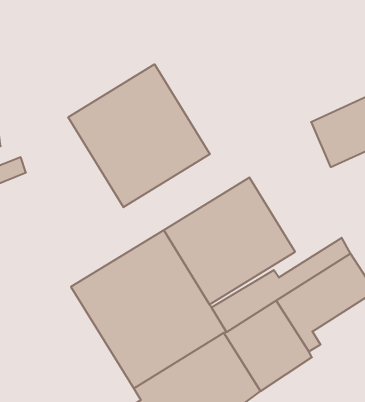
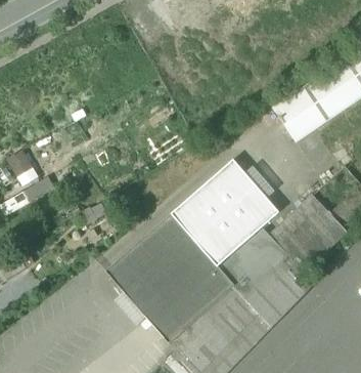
building: [68,64,210,207] -> none

